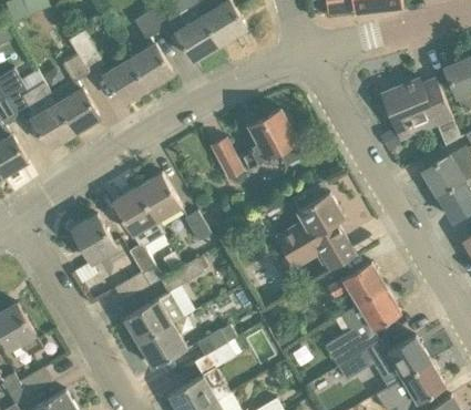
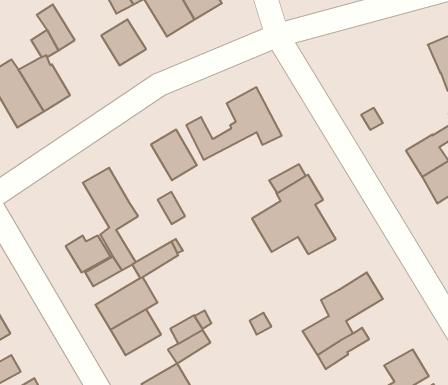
building: [103,60,147,104] -> none
building: [381,80,459,145] -> none
building: [137,173,182,222] -> [151,130,197,180]
building: [72,215,116,263] -> none
building: [328,263,386,305] -> none
building: [371,337,430,388] -> none

